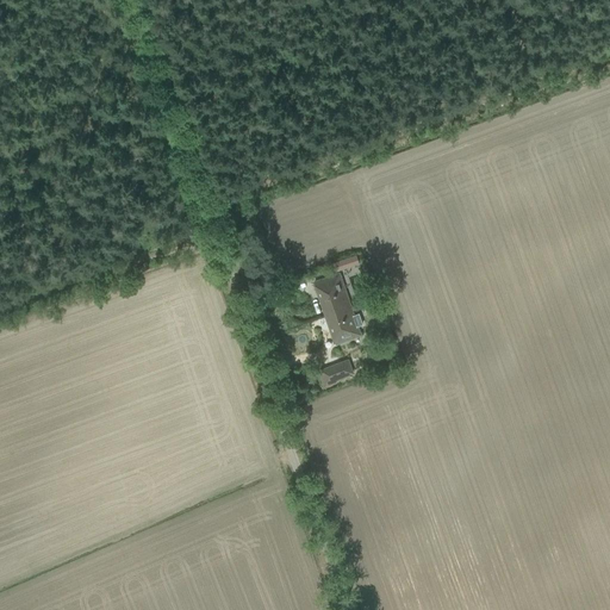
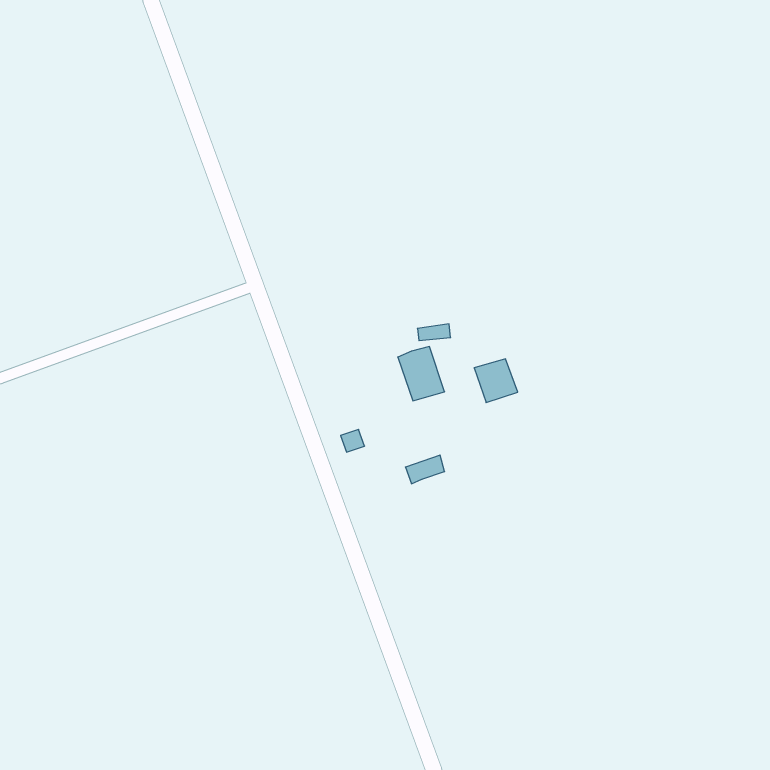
building: [326,310,361,344] -> [474,359,518,403]

